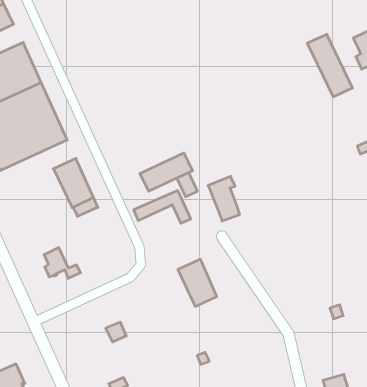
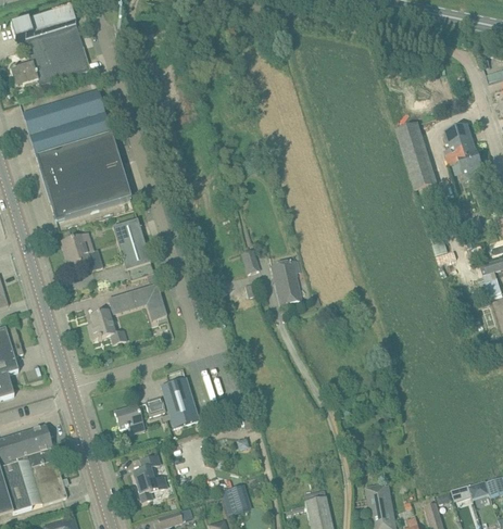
building: [140,153,193,191] -> none
building: none -> [62,235,103,269]
building: [134,191,191,223] -> [108,284,166,318]
building: [178,259,217,306] -> [161,378,198,427]
building: none -> [114,404,142,428]

